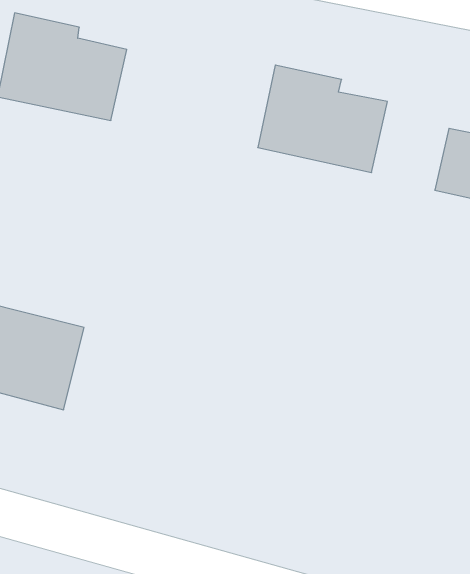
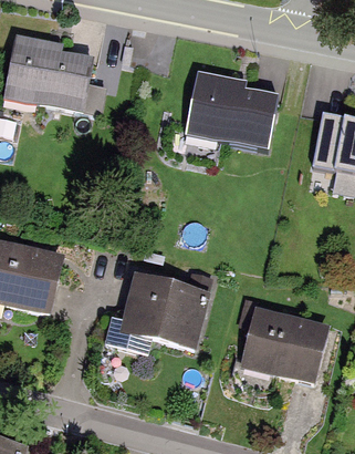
building: none -> [119,274,208,349]
building: none -> [242,308,328,383]

